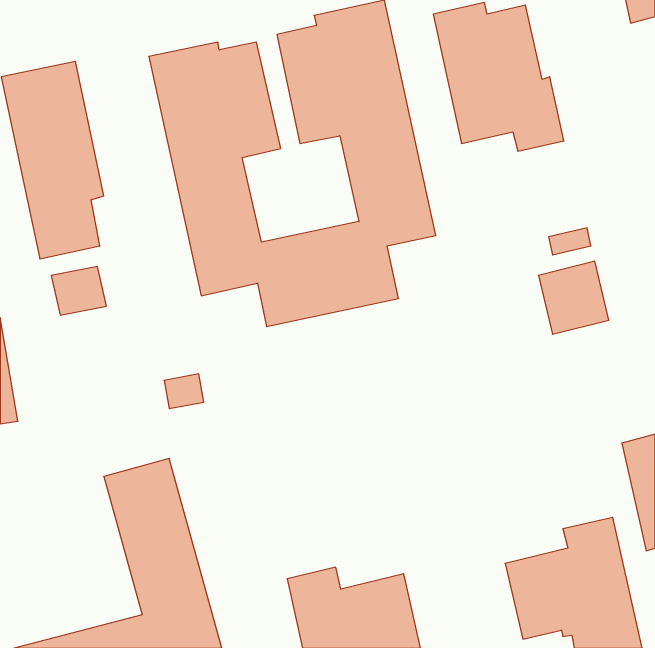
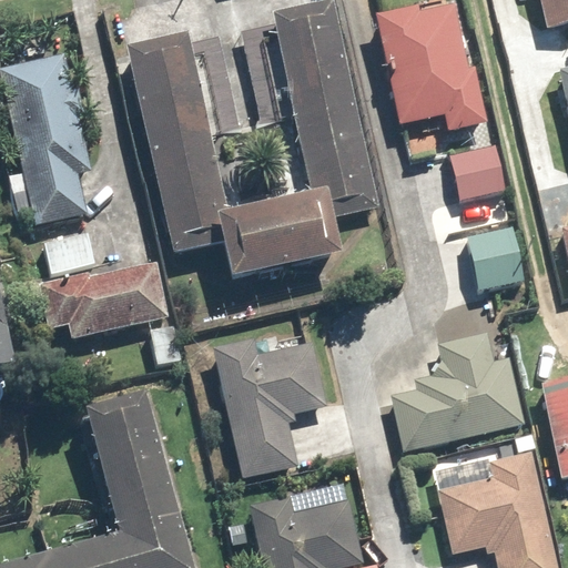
building: none -> [452,146,505,199]
building: none -> [39,261,171,339]
building: none -> [390,329,525,449]
building: none -> [213,337,327,479]

